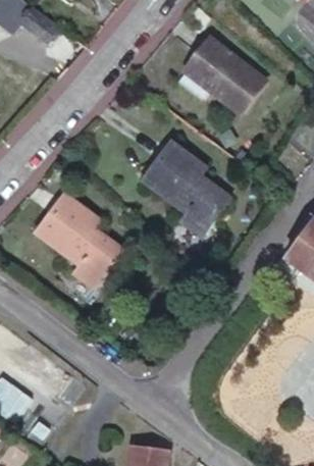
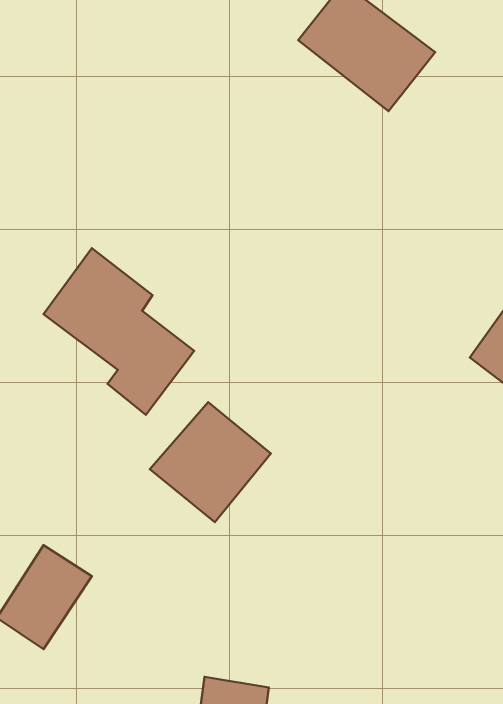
building: [141,140,229,236] -> none
building: none -> [150,402,271,522]

